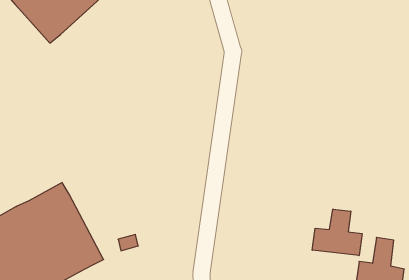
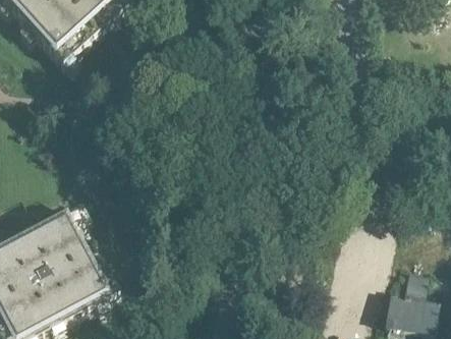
building: [312,209,362,256] -> none

